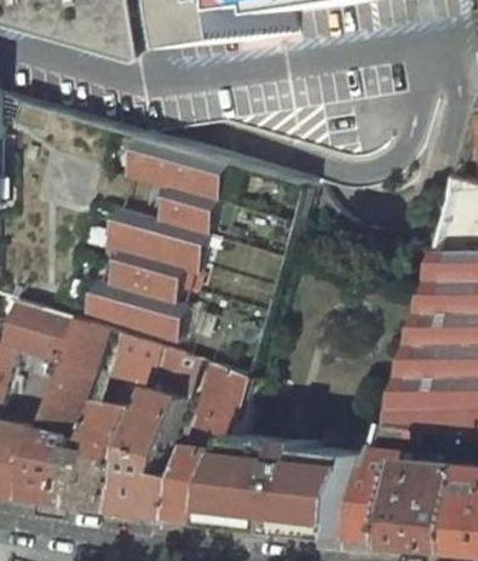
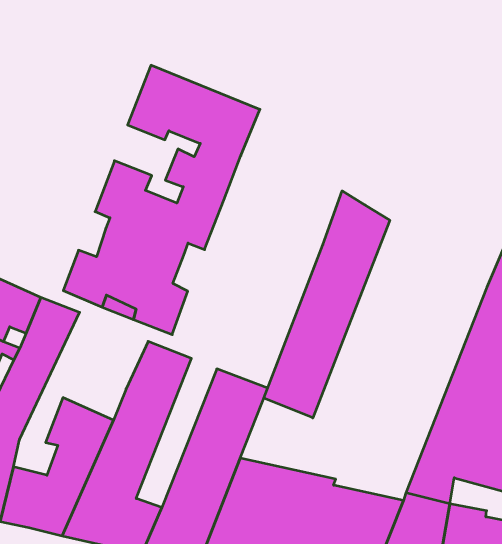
building: none -> [264,191,390,418]
building: [103,337,157,389] -> none

